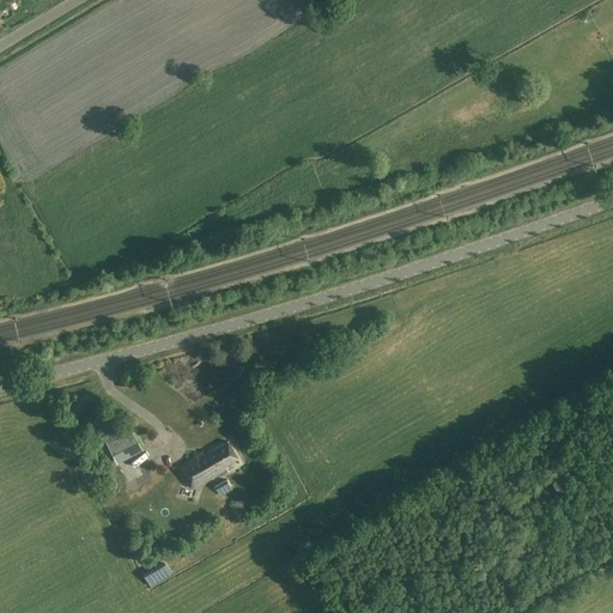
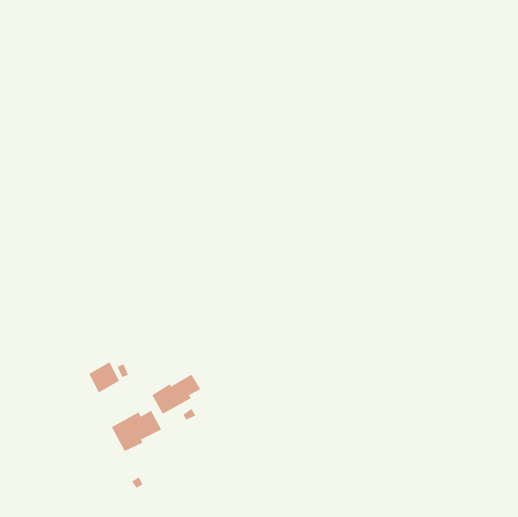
building: none -> [111,410,162,452]

